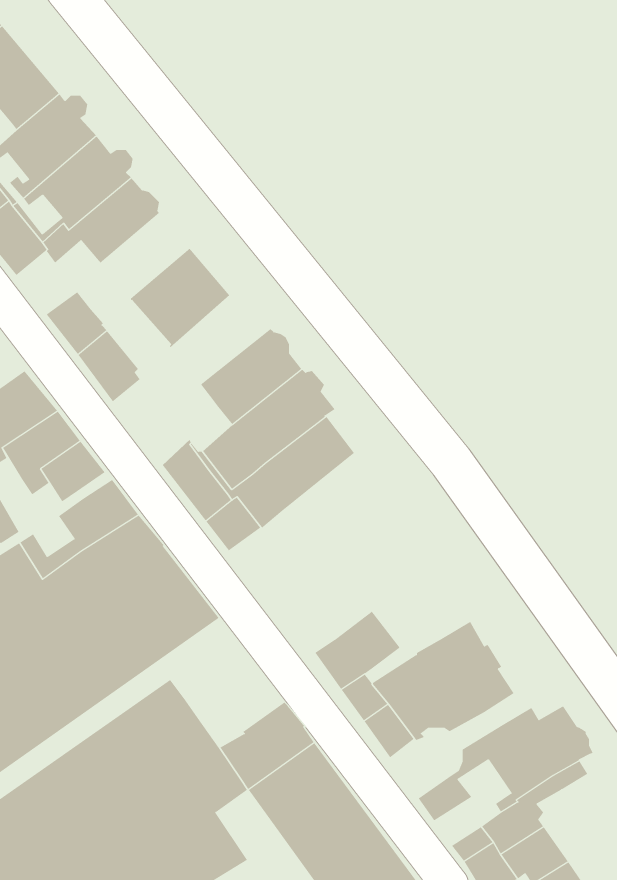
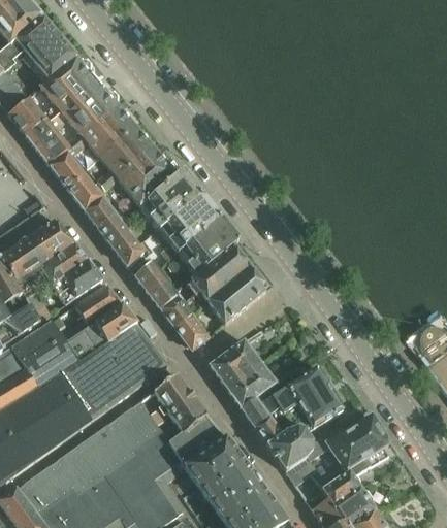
building: none -> [94,127,152,192]
building: none -> [50,150,86,187]
building: none -> [140,171,199,228]
building: none -> [106,225,145,265]
building: none -> [206,268,265,324]
building: none -> [174,312,211,348]
building: none -> [211,340,259,386]
building: none -> [150,374,207,432]
building: none -> [269,430,312,471]

